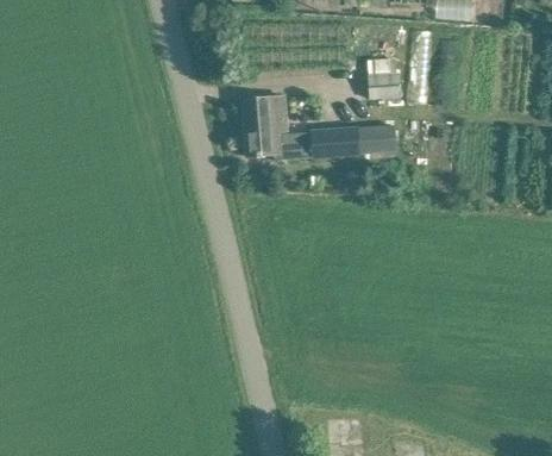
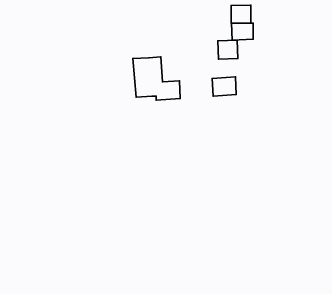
building: none -> [231,5,251,23]
building: [312,127,362,157] -> none

